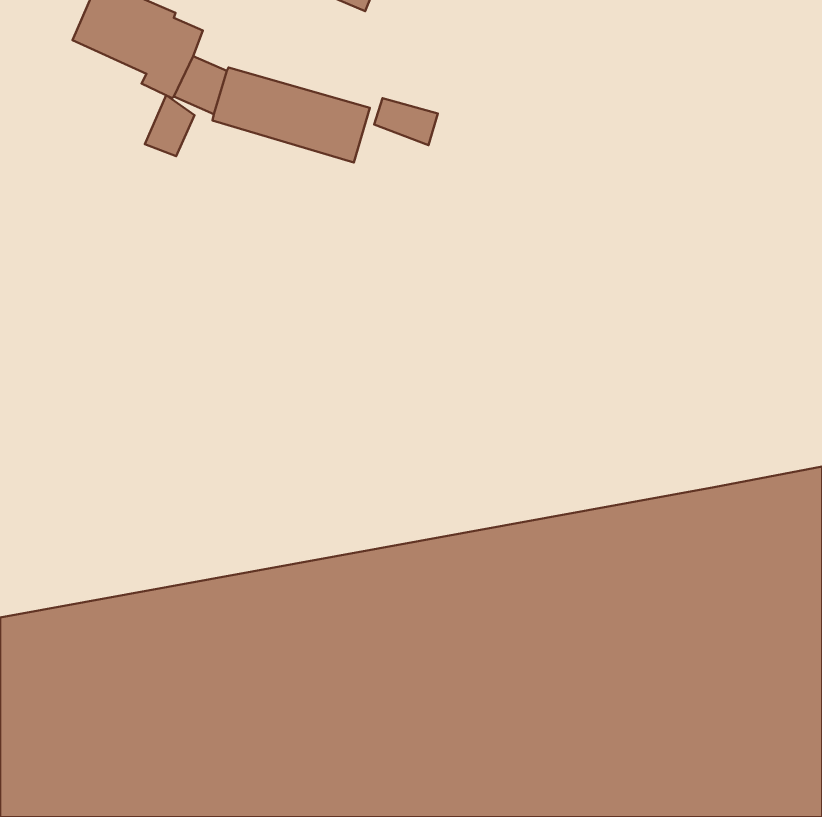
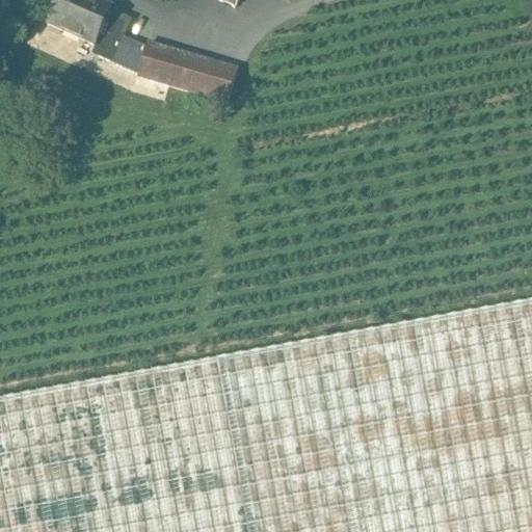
building: [145,95,195,156] -> none
building: [374,98,438,145] -> none

